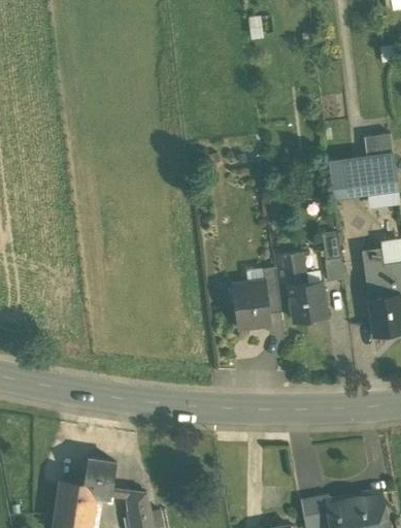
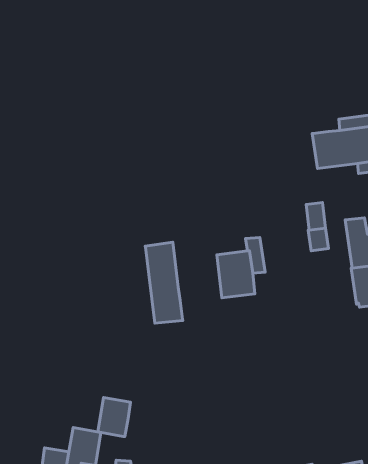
building: [283,253,328,320] -> none
building: none -> [145,242,183,323]
building: none -> [98,398,130,437]

